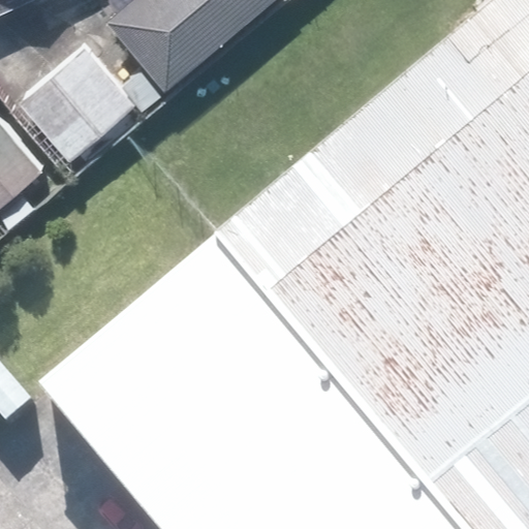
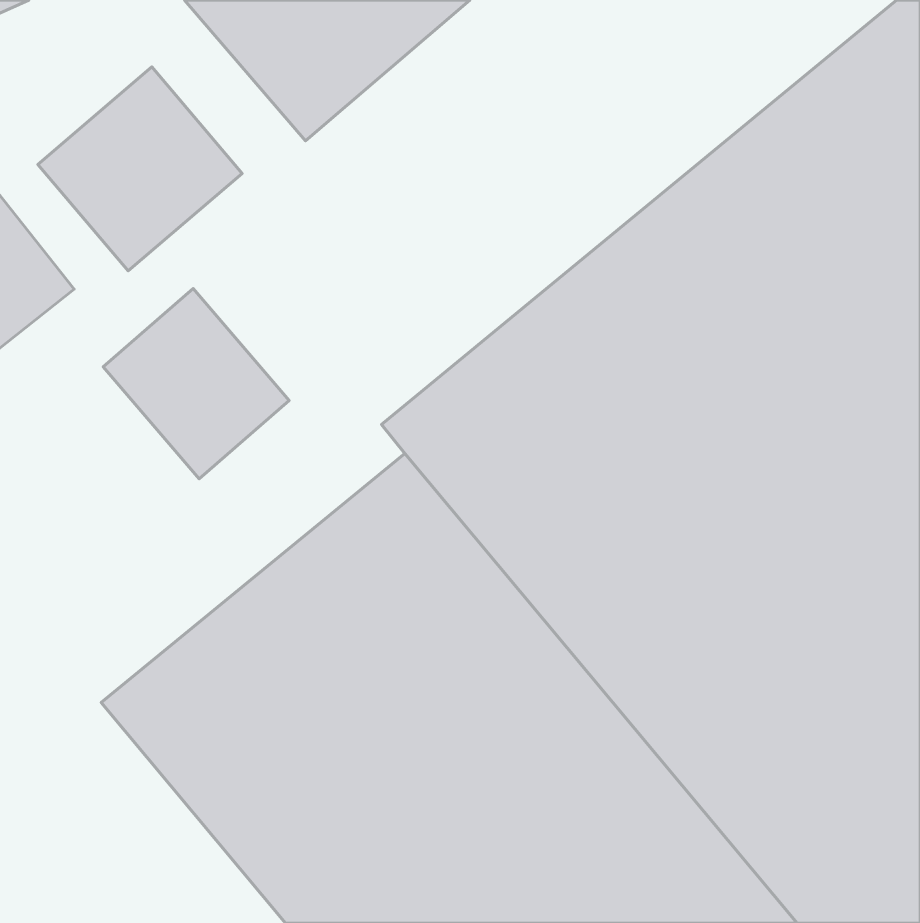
building: none -> [103,289,289,479]

